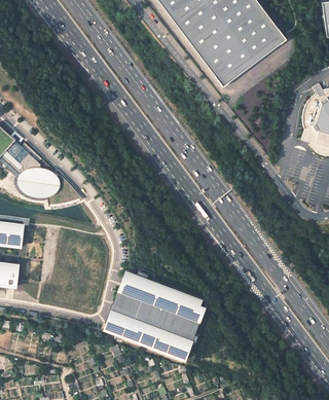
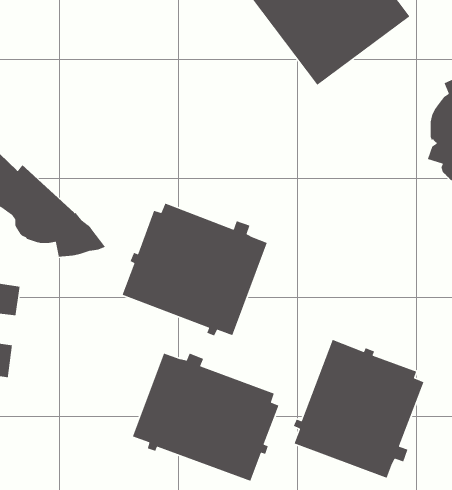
building: none -> [121,202,268,337]
building: none -> [293,339,425,479]

